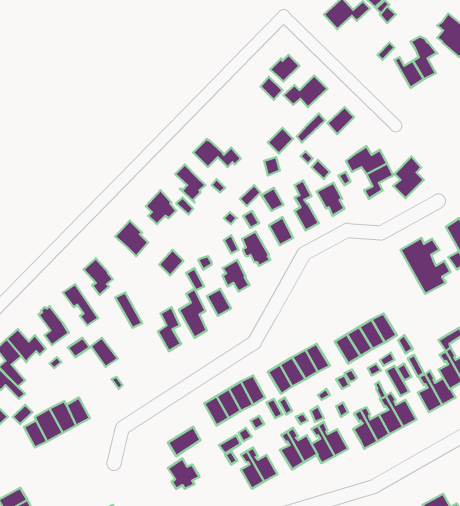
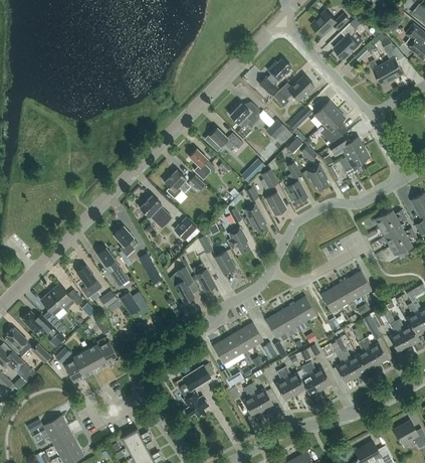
building: none -> [334,23,359,59]
building: none -> [230,104,260,129]
building: [393,157,424,198] -> [322,110,347,144]

